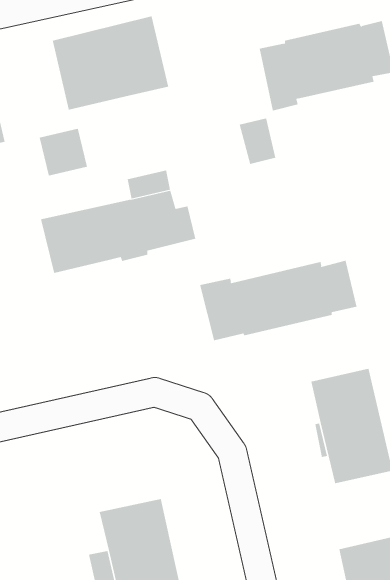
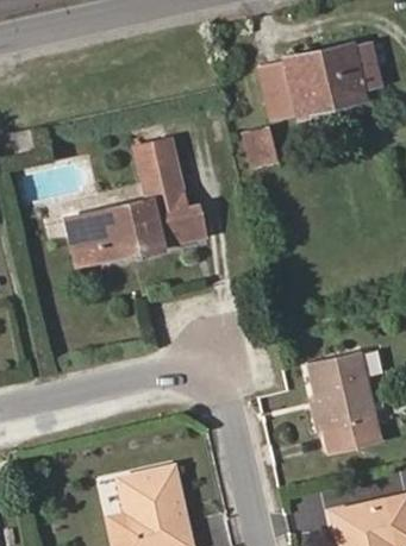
building: [52,15,169,110] -> none
building: [39,128,88,176] -> [135,139,179,182]
building: [199,260,357,341] -> none

